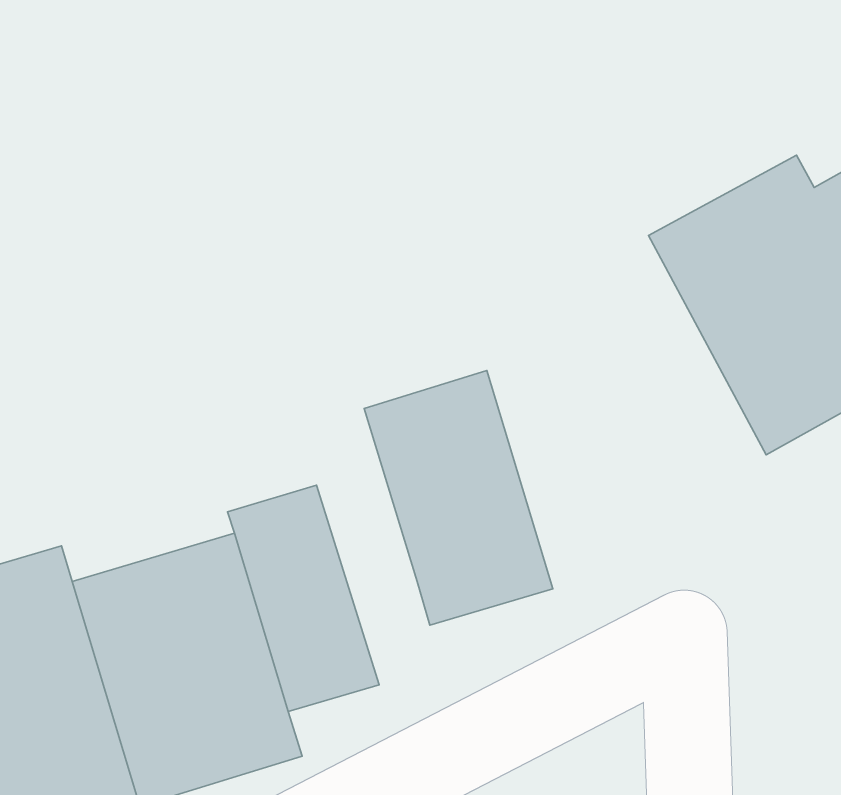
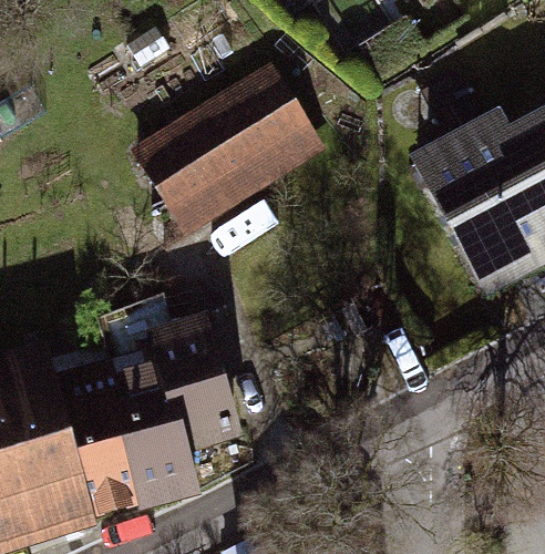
building: none -> [136,78,330,250]
building: [364,371,553,625] -> none

